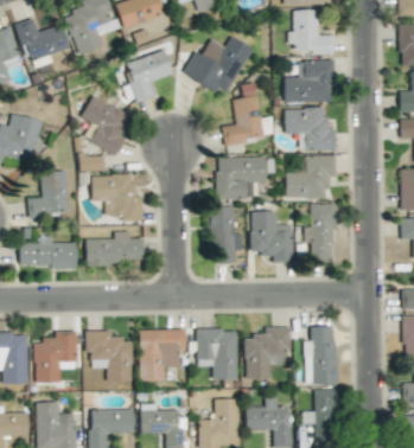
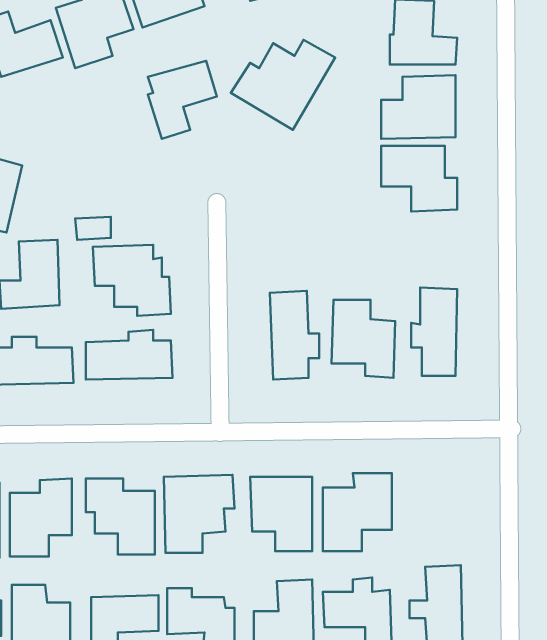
building: [222,83,263,146] -> none
building: [81,95,132,155] -> none
building: [285,155,335,198] -> none
building: [216,156,266,199] -> none
building: [304,326,336,385] -> none

